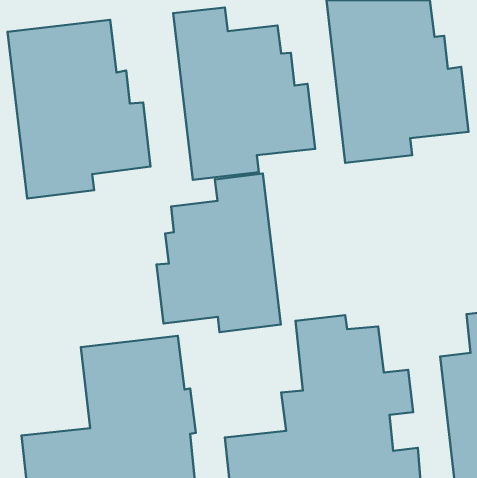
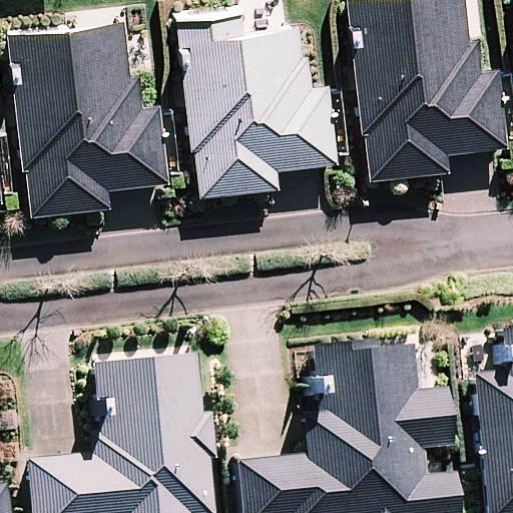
building: [156,173,281,332] -> none

